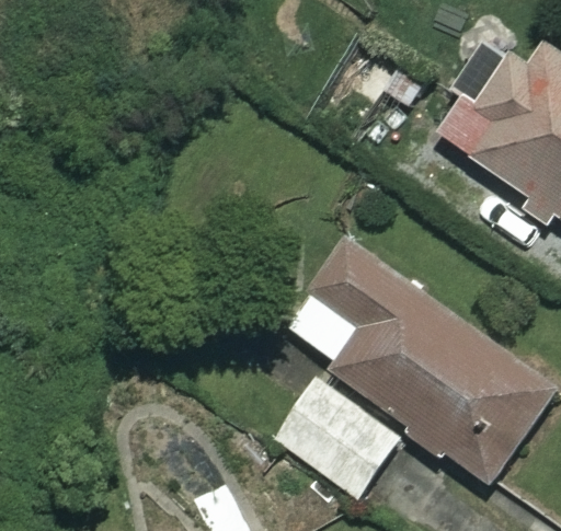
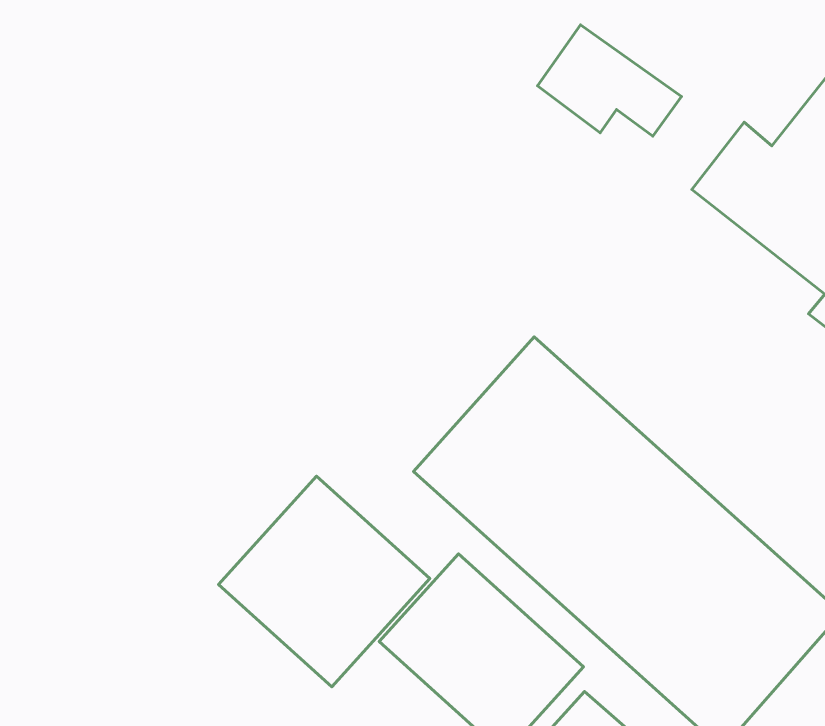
building: none -> [218,476,430,687]

